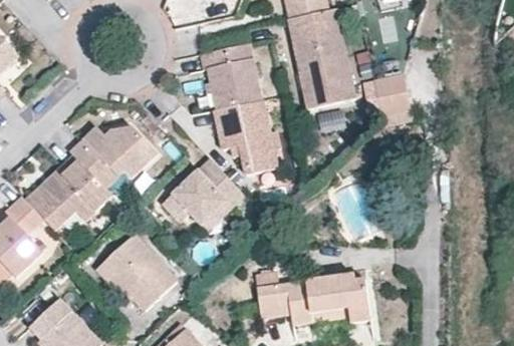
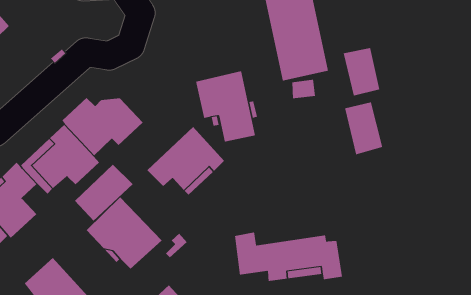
building: [200,42,262,108] -> none
building: none -> [344,102,383,155]
building: none -> [74,164,133,221]

